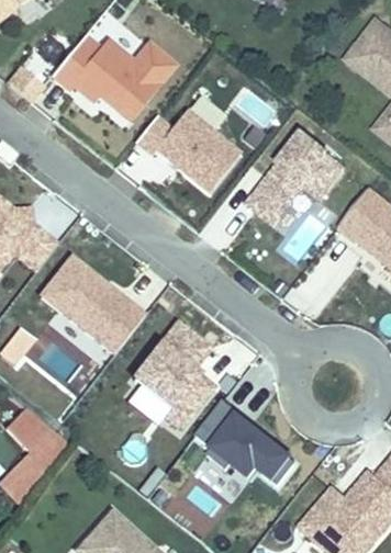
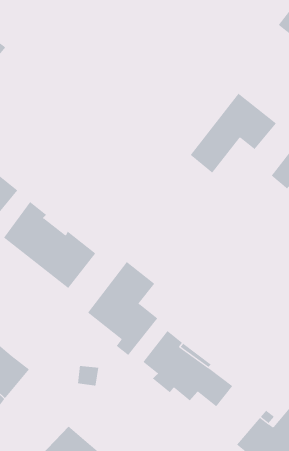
building: [53,35,174,119] -> none
building: [136,105,242,195] -> none

